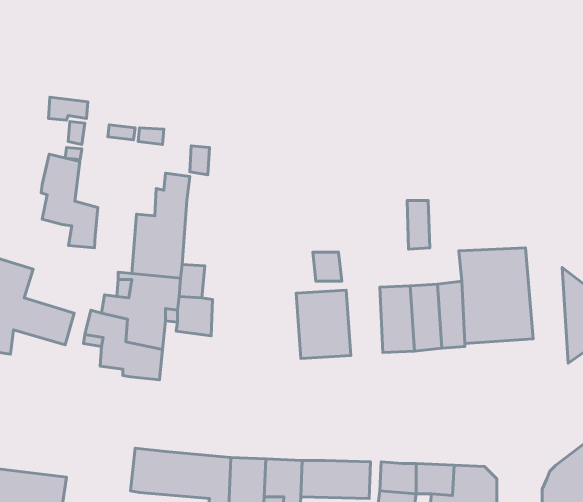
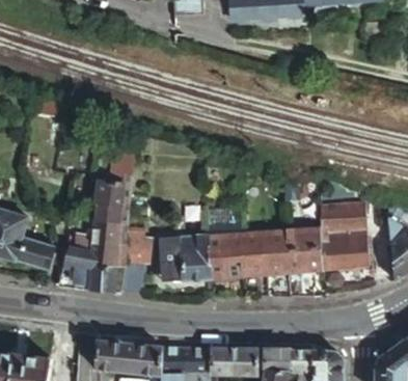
building: [41,154,98,248] -> none
building: none -> [241,230,266,277]
building: none -> [160,235,210,282]

